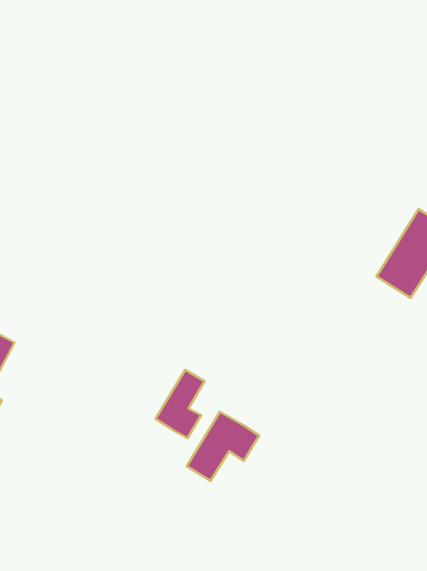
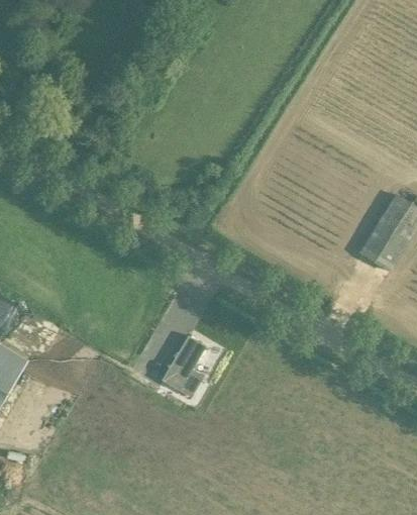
building: [187,412,259,481] -> none

